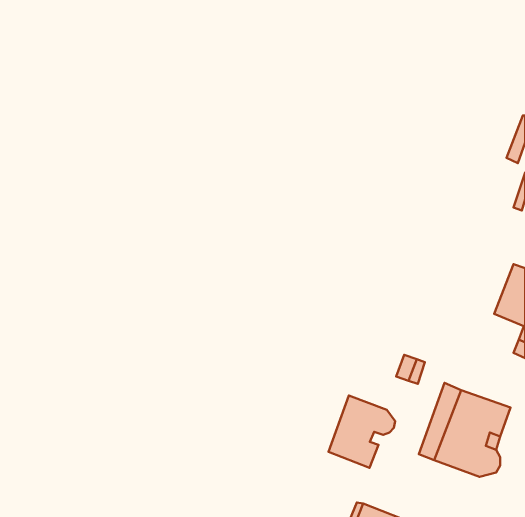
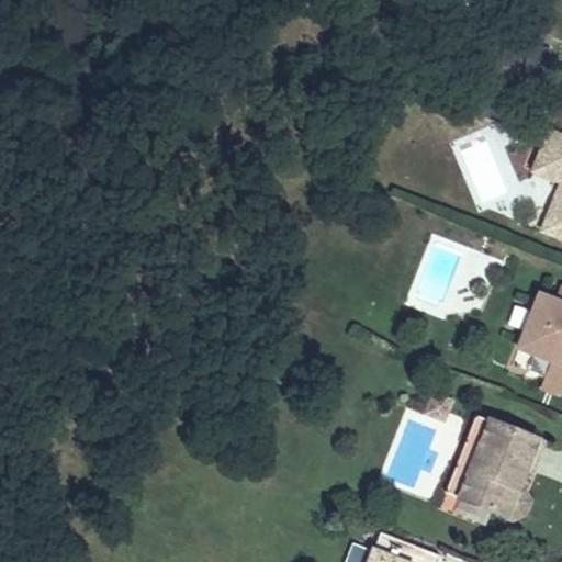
building: [329,395,395,468] -> none

